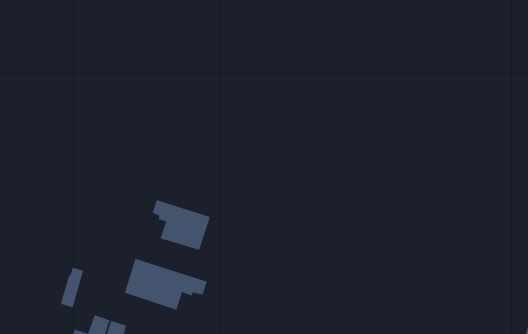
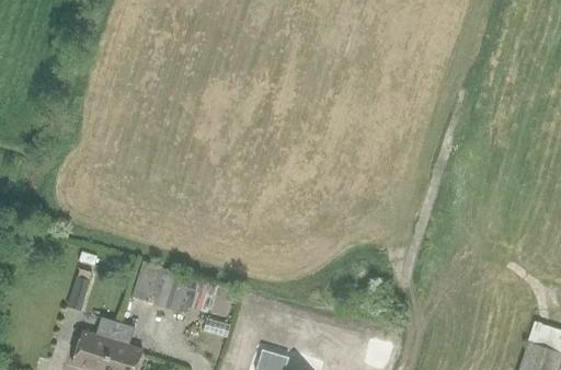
building: [152,199,211,251] -> none

